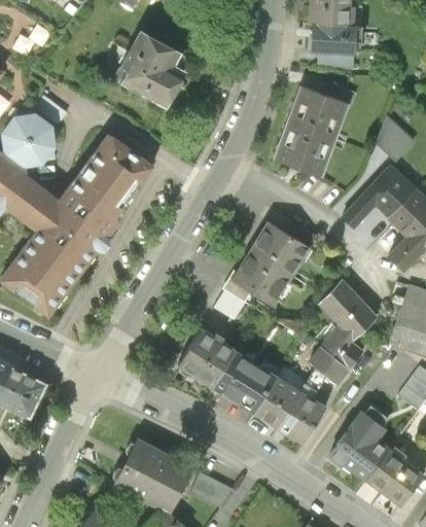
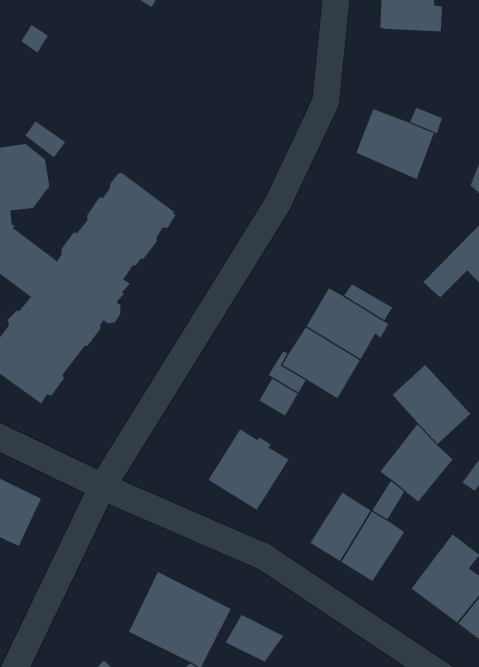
building: [309,24,361,52] -> none
building: [115,28,187,104] -> none
building: [274,118,335,174] -> none
building: [213,353,278,417] -> none

